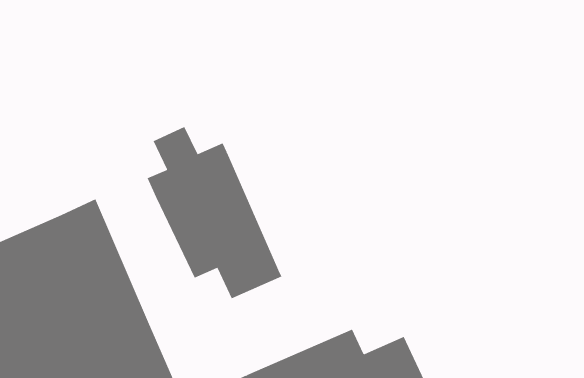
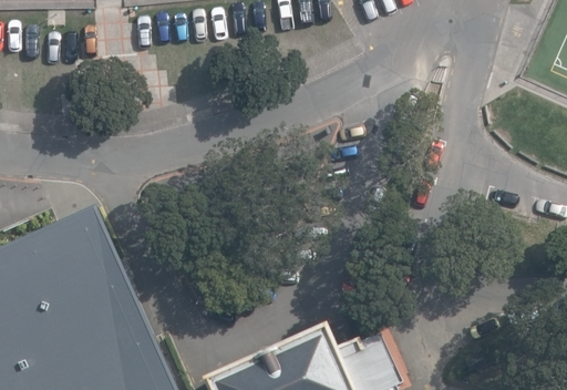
building: [147,126,282,299] -> none

